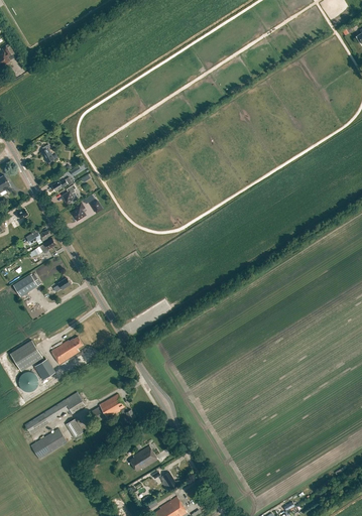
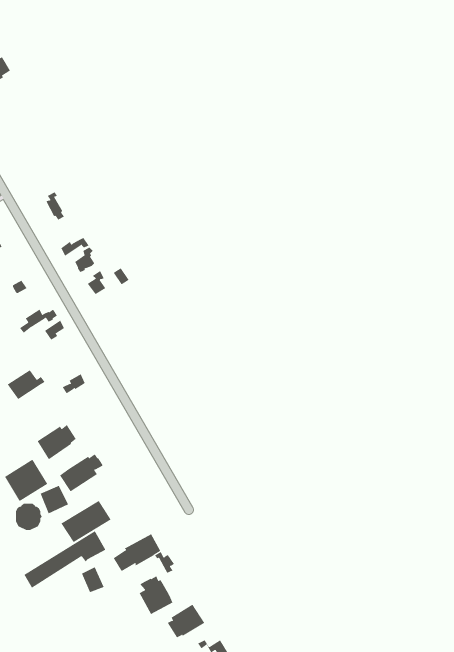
building: none -> [37,424,77,460]
building: none -> [139,575,173,615]
building: [30,427,68,459] -> [61,500,112,543]

